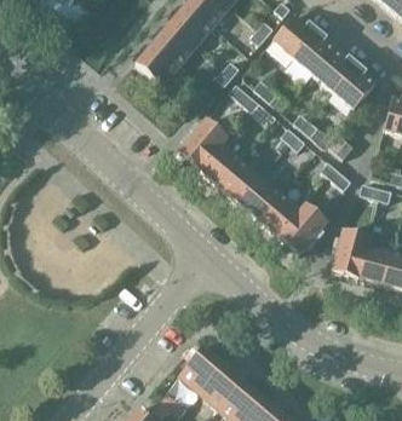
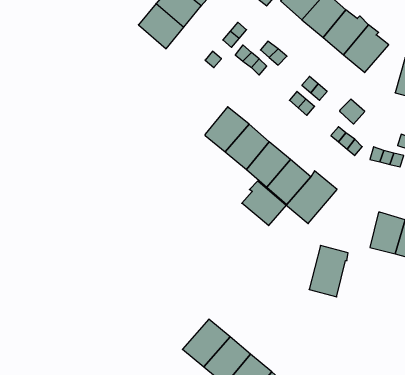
building: [178,119,228,169] -> none
building: none -> [242,181,286,226]
building: [332,229,369,278] -> [309,245,348,297]

